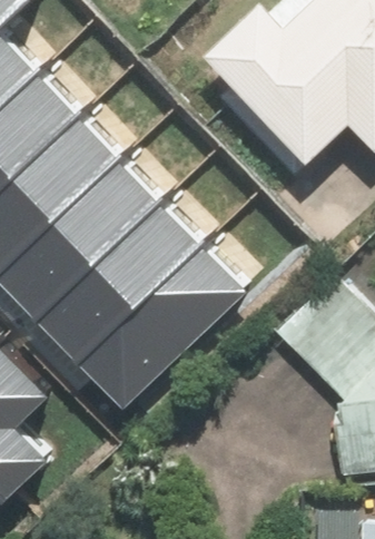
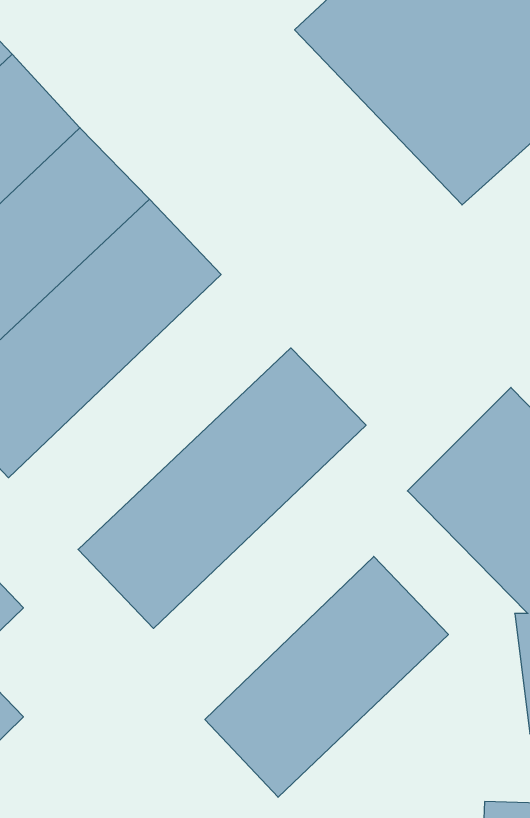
building: [37,202,204,364] -> none
building: none -> [205,556,448,797]

